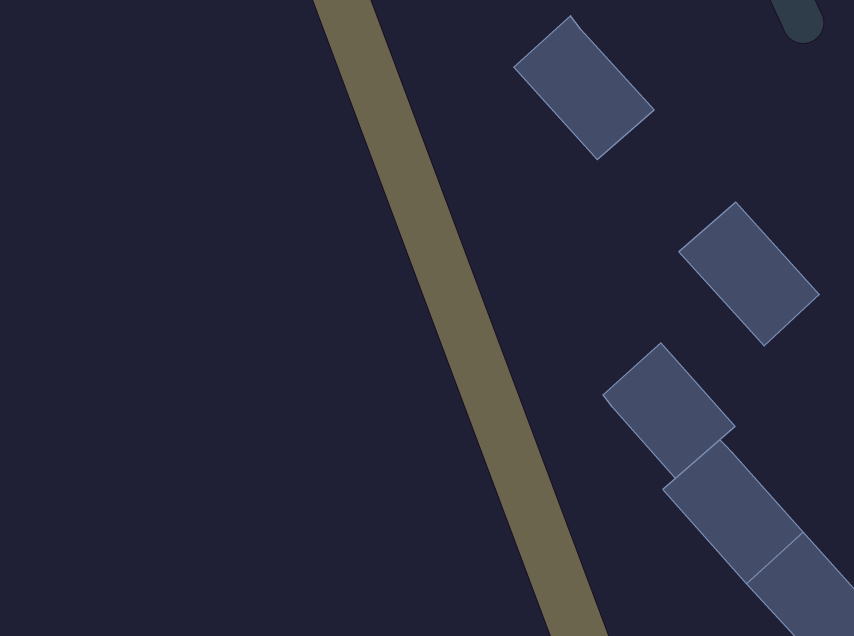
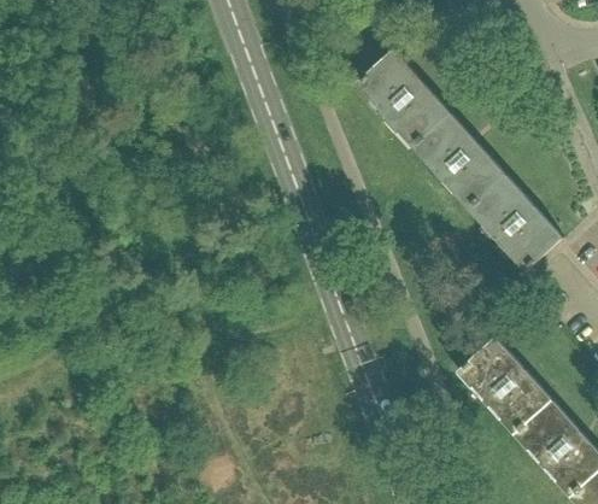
building: none -> [412,112,506,209]
building: [603,343,735,478] -> none

